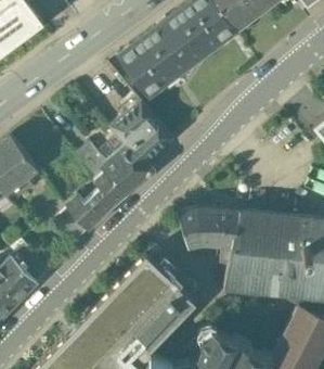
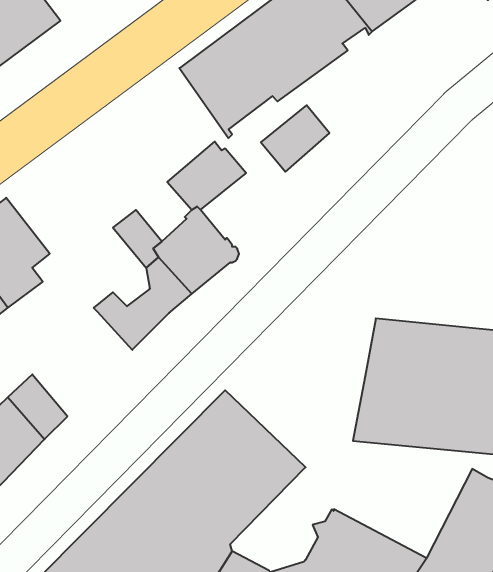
building: [130,120,172,162] -> [261,105,329,172]
building: [53,206,88,243] -> none
building: [178,207,238,247] -> none

